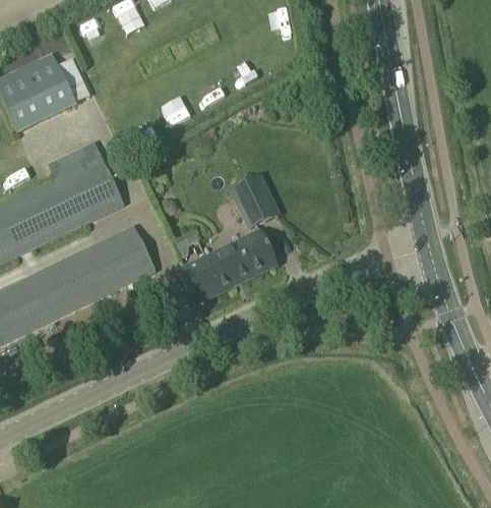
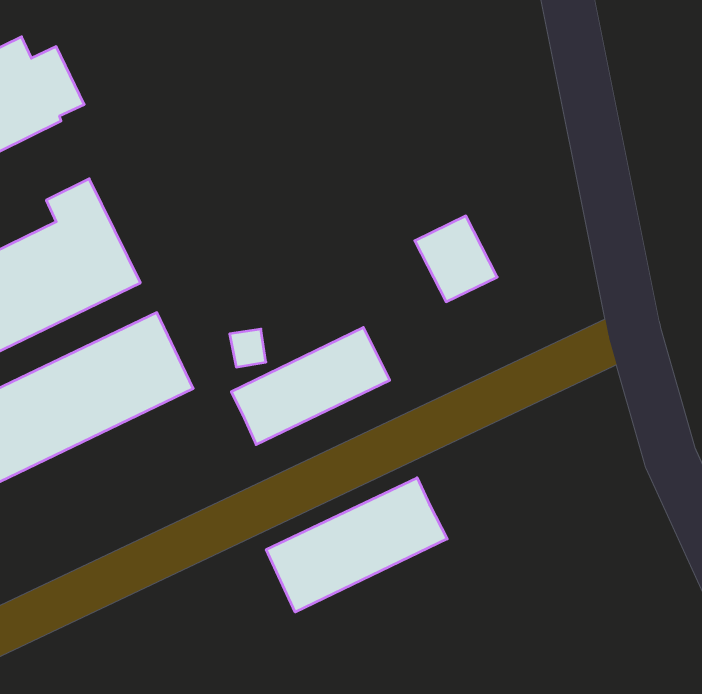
building: [229,176,280,229] -> [415,216,497,302]
building: none -> [266,478,447,612]

